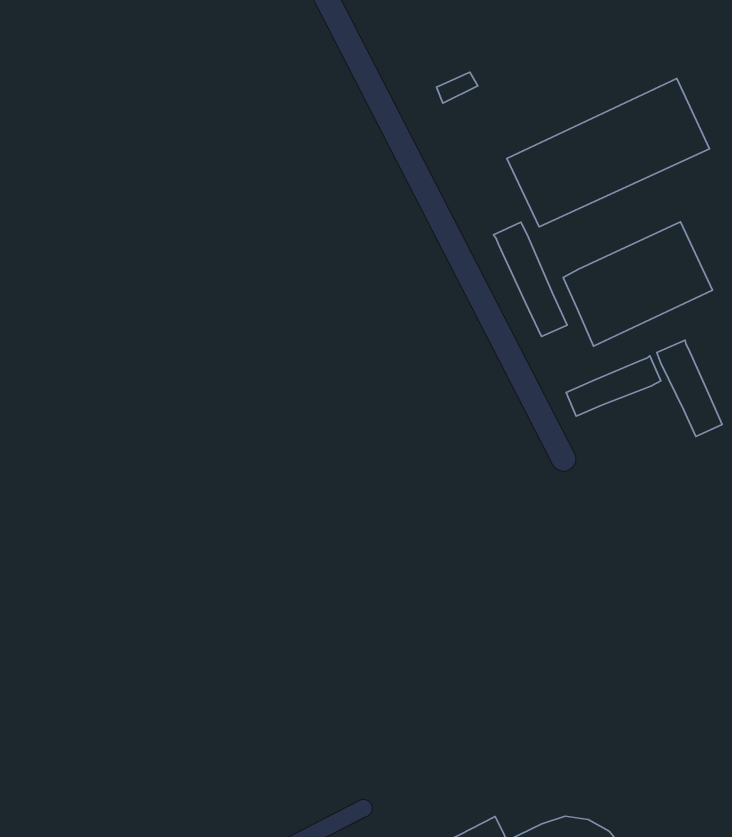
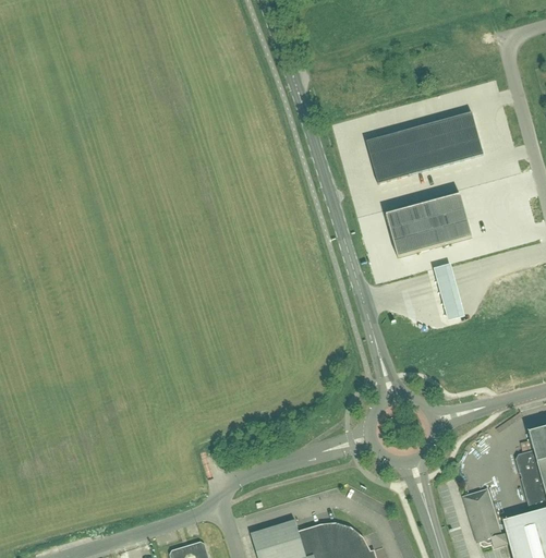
building: [494,222,567,337] -> none
building: [566,356,661,416] -> none

